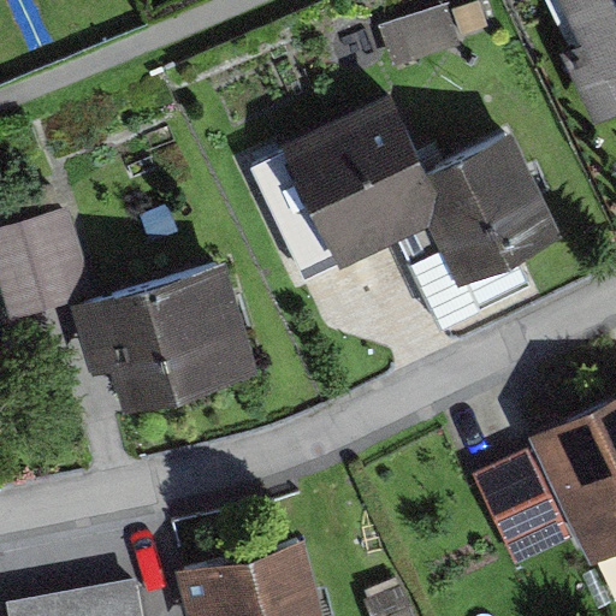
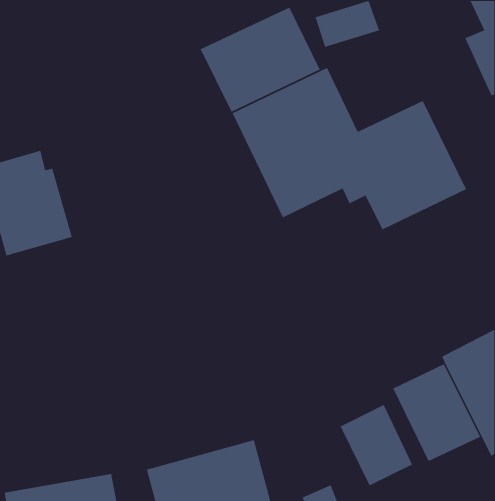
building: none -> [199,6,321,113]
building: [72,262,259,411] -> none
building: none -> [340,404,413,487]

